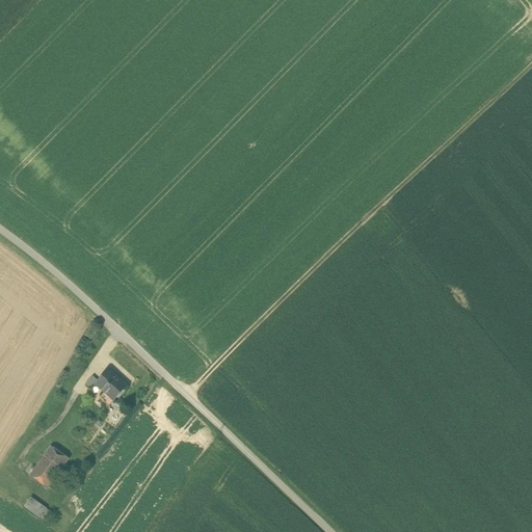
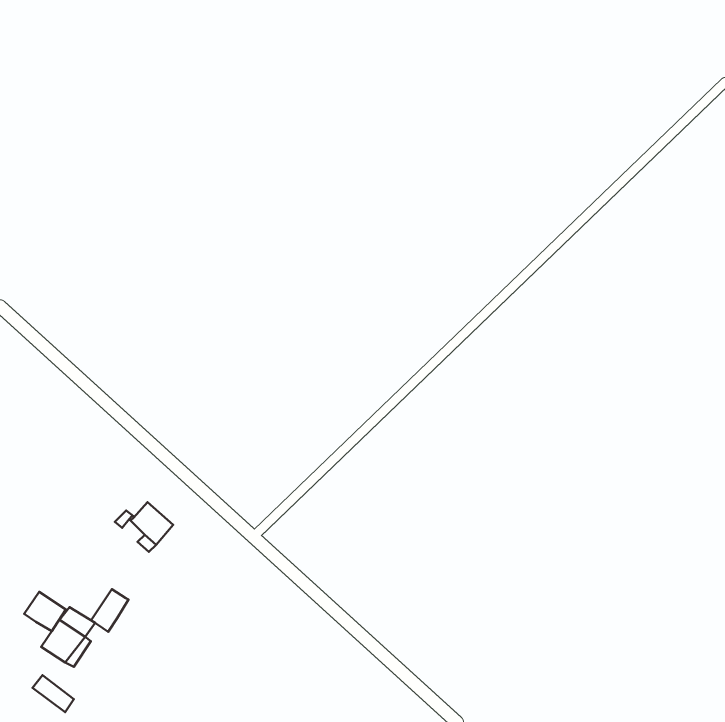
building: none -> [91,589,129,632]
building: none -> [24,592,66,631]

